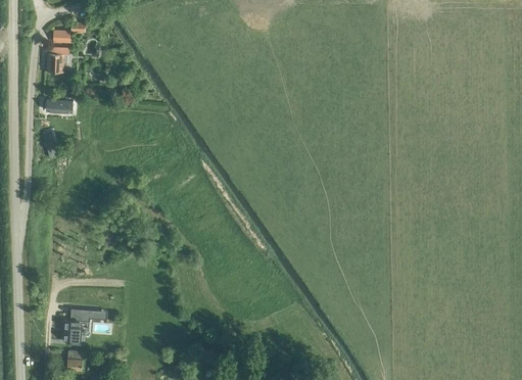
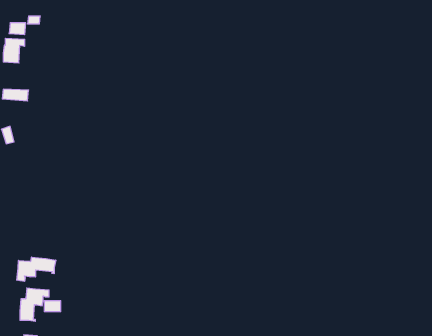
building: none -> [17,257,56,281]

